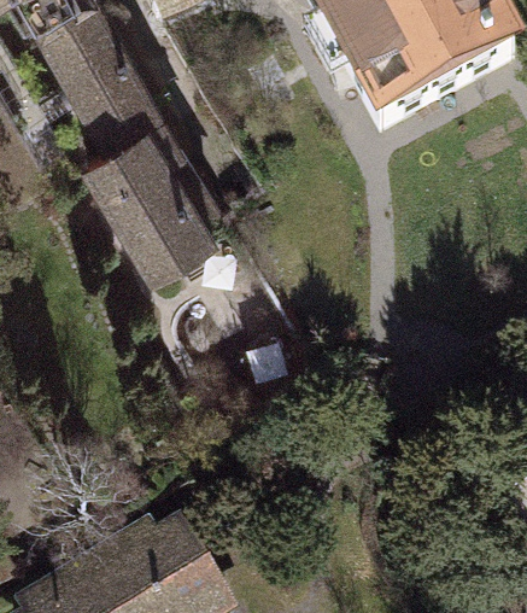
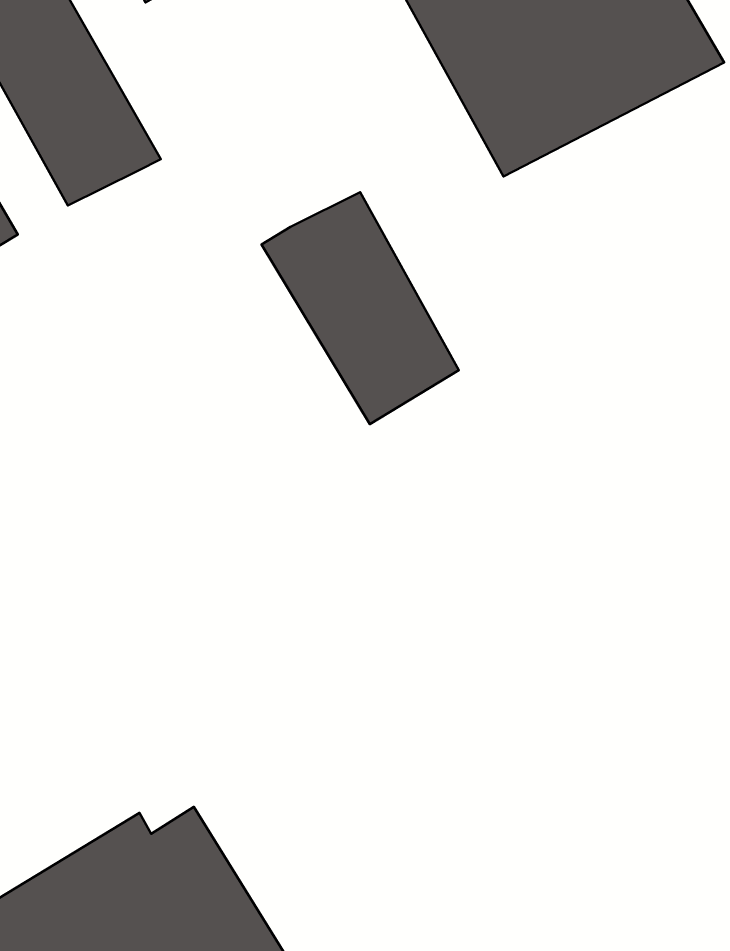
building: [76,116,199,261] -> [261,192,459,424]

